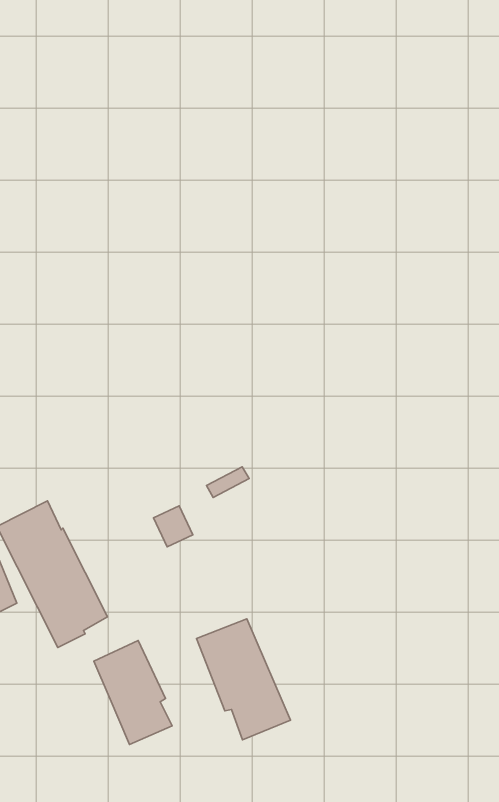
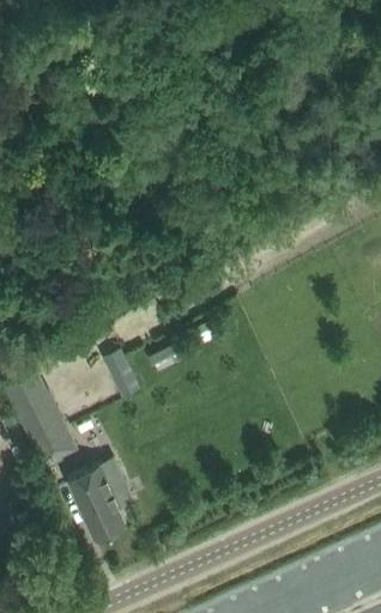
building: [196,619,290,740] -> none

